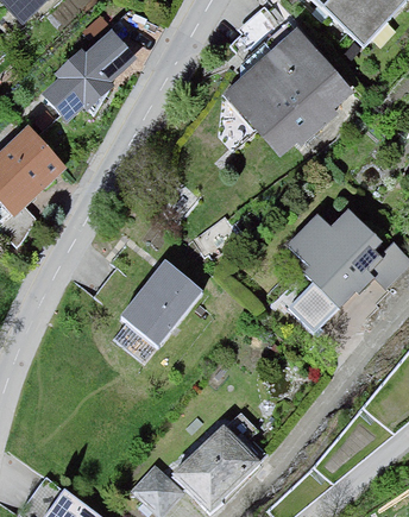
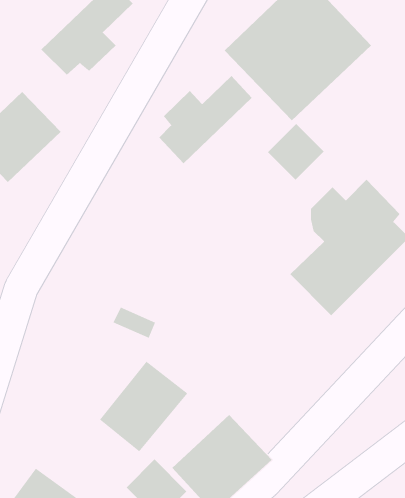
building: none -> [159,75,252,164]
building: none -> [267,123,325,180]
building: [128,263,209,346] -> [99,361,188,452]

